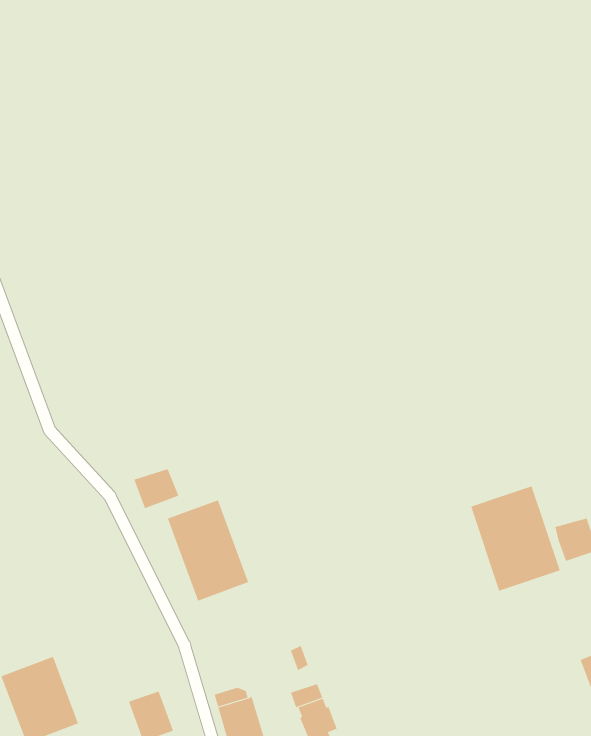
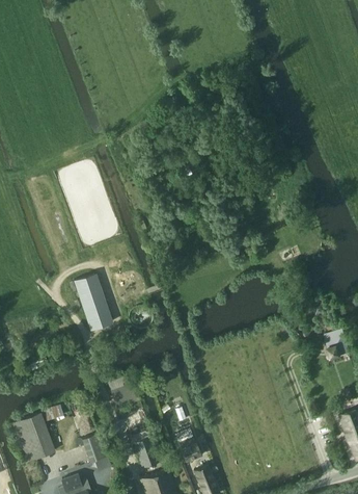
building: none -> [77,277,106,313]
building: [470,486,560,591] -> none
building: [167,499,249,601] -> none

